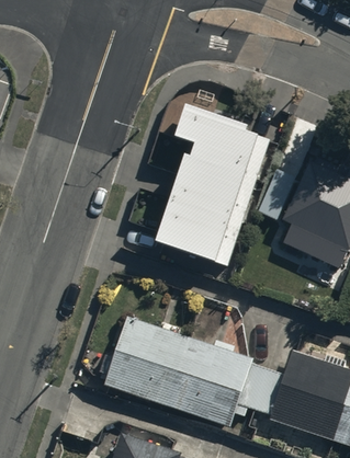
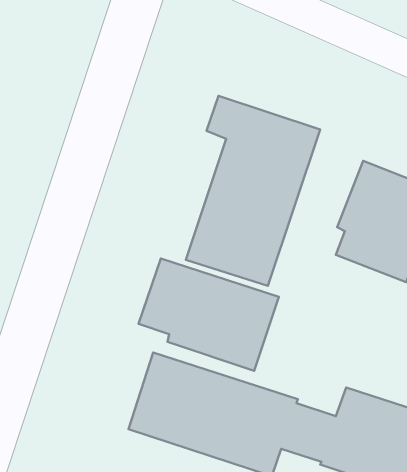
building: none -> [139,259,279,371]

